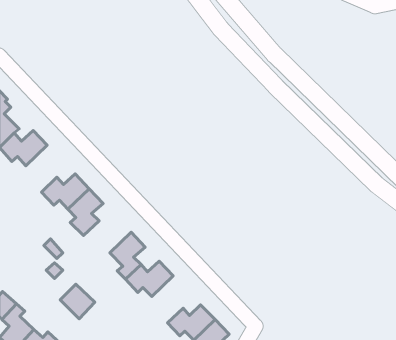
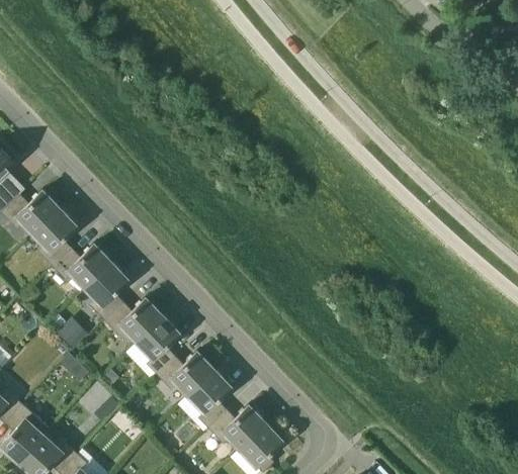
building: none -> [33,209,77,267]
building: none -> [104,298,163,342]
building: none -> [188,370,232,428]

